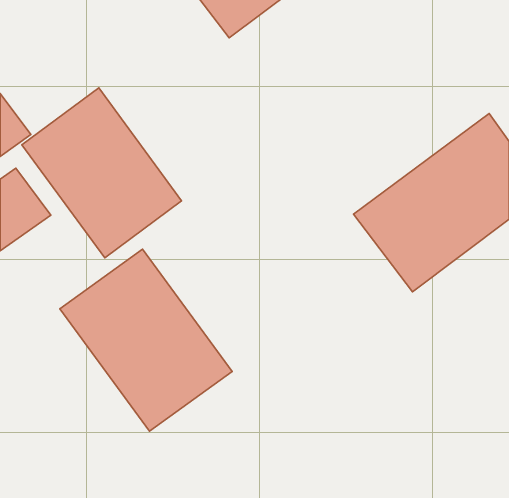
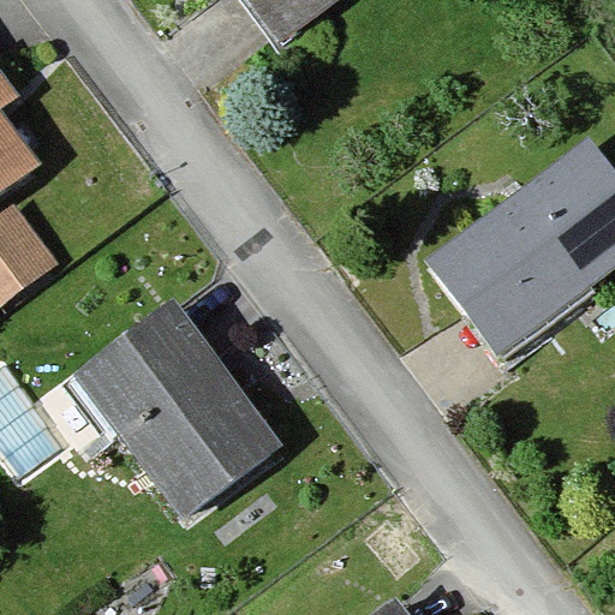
building: [22,88,181,258] -> none

